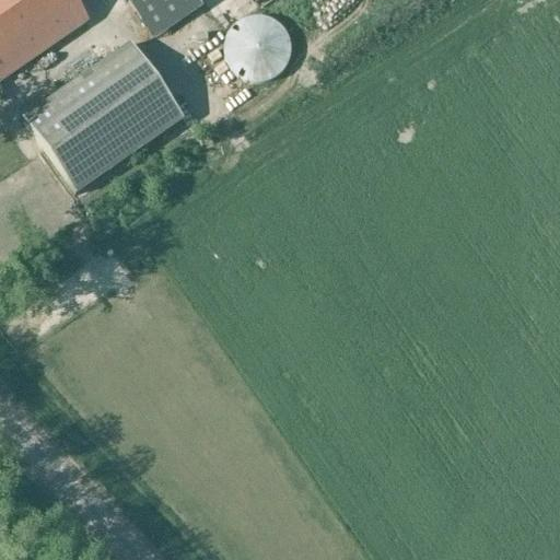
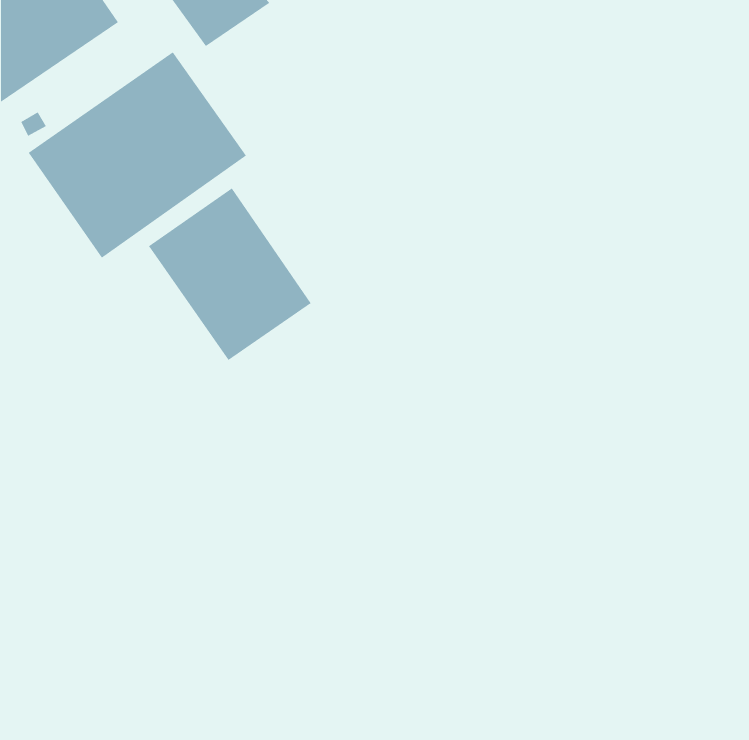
building: [225,12,291,79] -> none
building: none -> [148,187,312,361]

